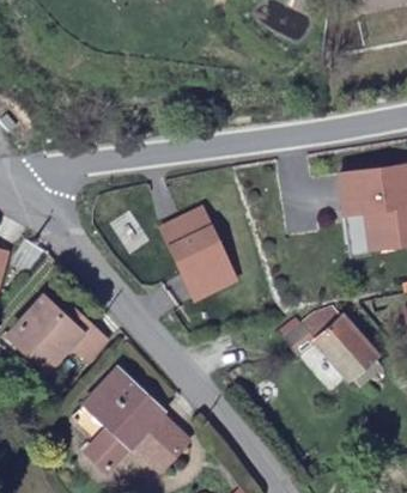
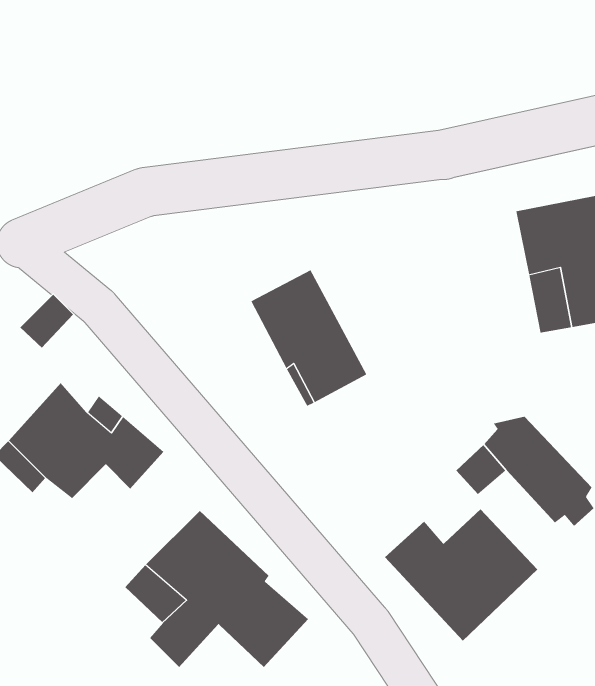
building: none -> [384,508,538,642]

